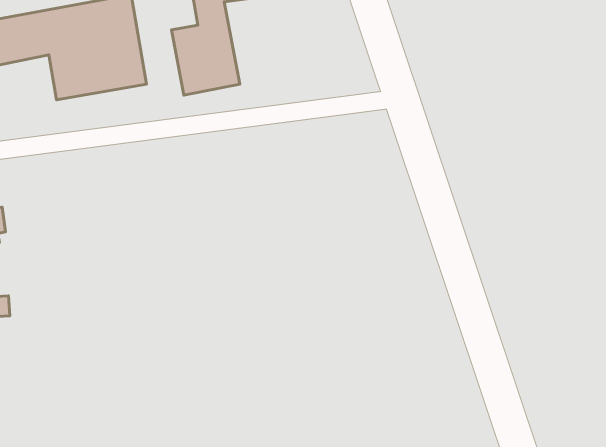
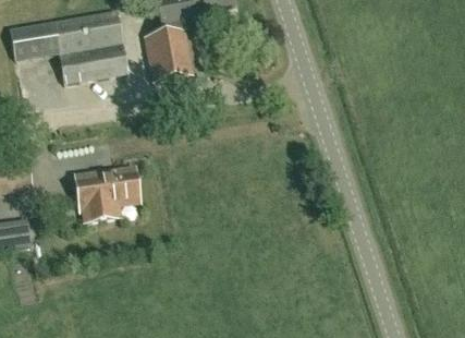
building: none -> [75,169,138,221]

